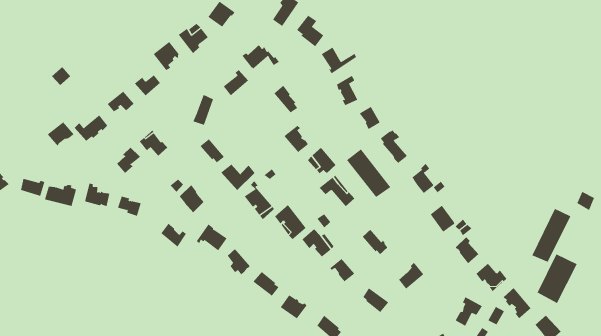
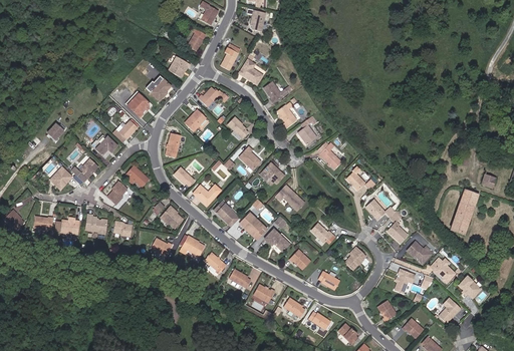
building: [346,148,391,198] -> none
building: [537,253,577,304] -> none

